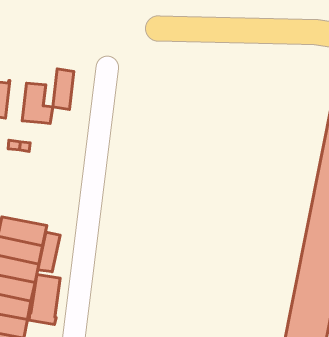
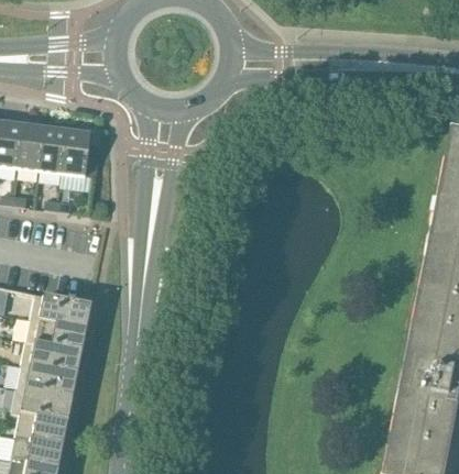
building: [53,69,74,109] -> [41,122,67,173]
building: [38,232,60,272] -> none
building: [29,274,60,325] -> none

